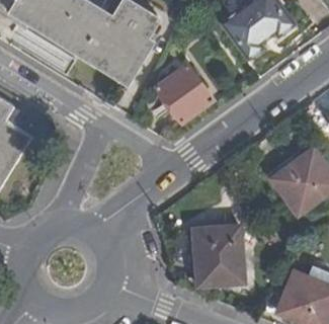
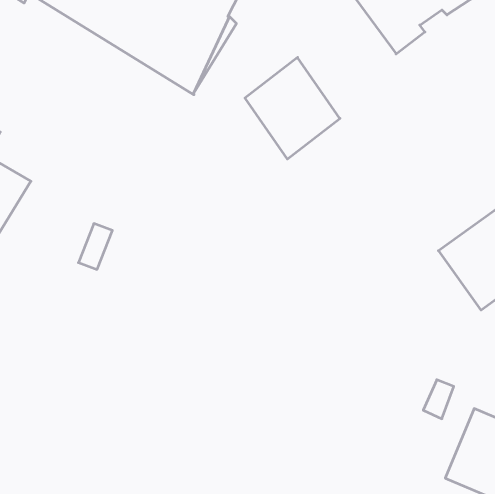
building: [193,225,243,286] -> none

